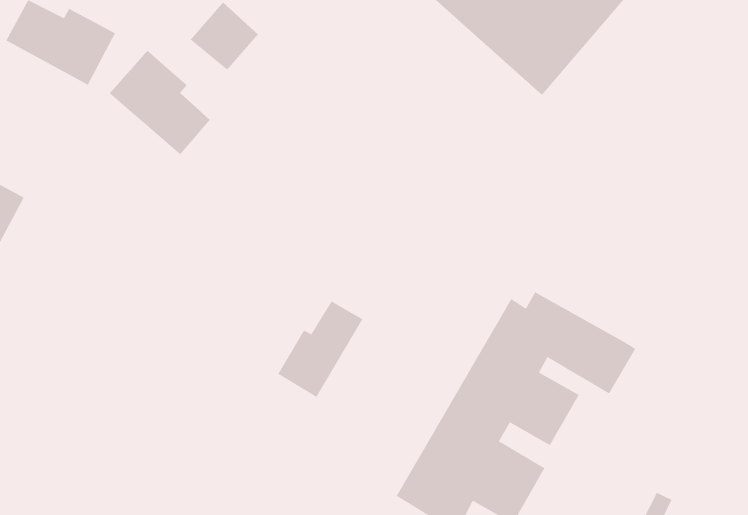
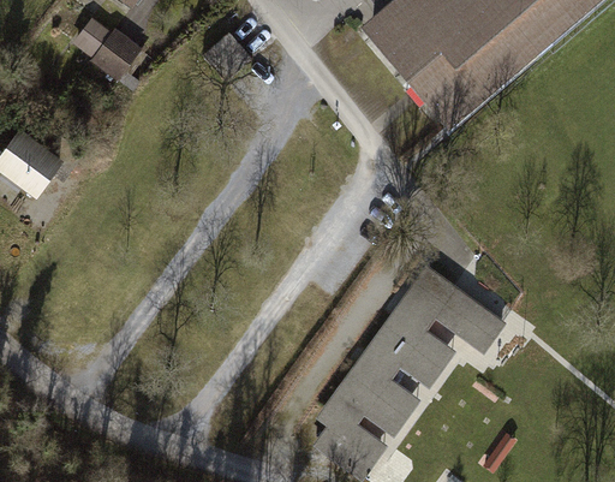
building: [109,50,211,155] -> none
building: [277,300,363,398] -> none

